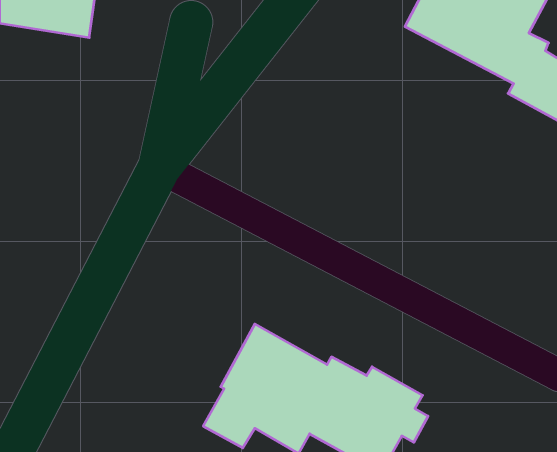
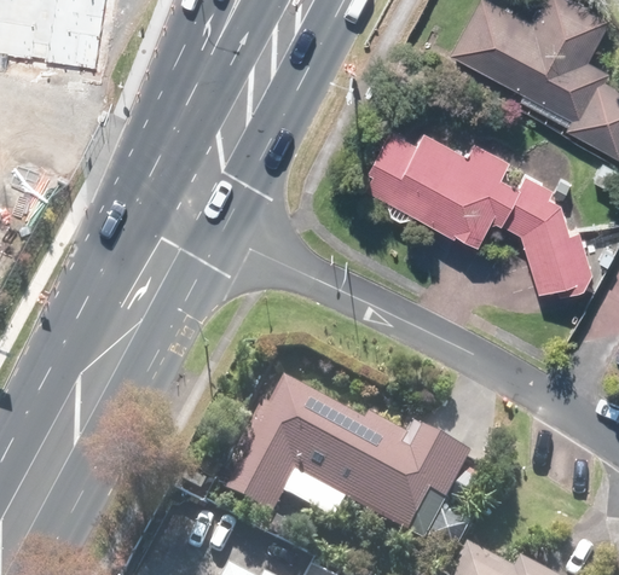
building: none -> [365,132,591,297]

